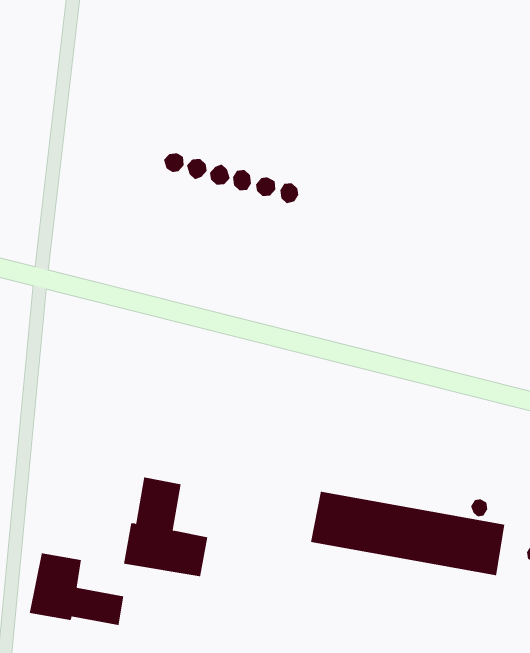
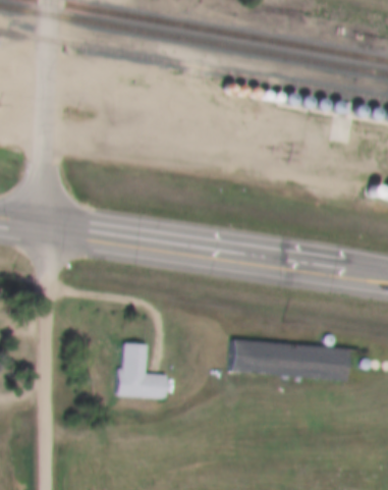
building: [29,552,124,626] -> none

